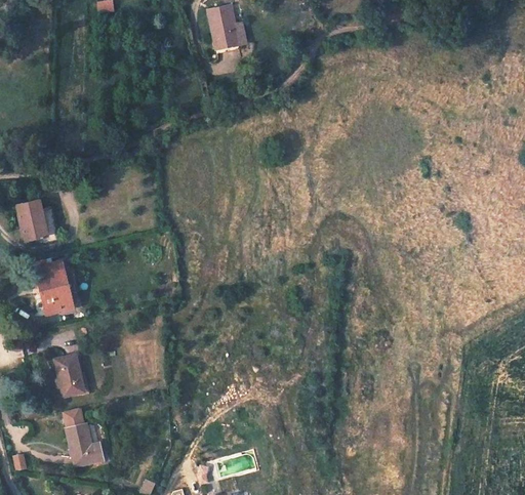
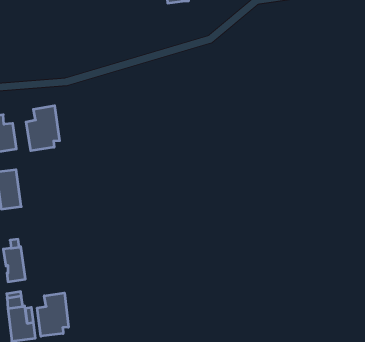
building: none -> [26,106,60,151]
building: none -> [37,293,68,336]

